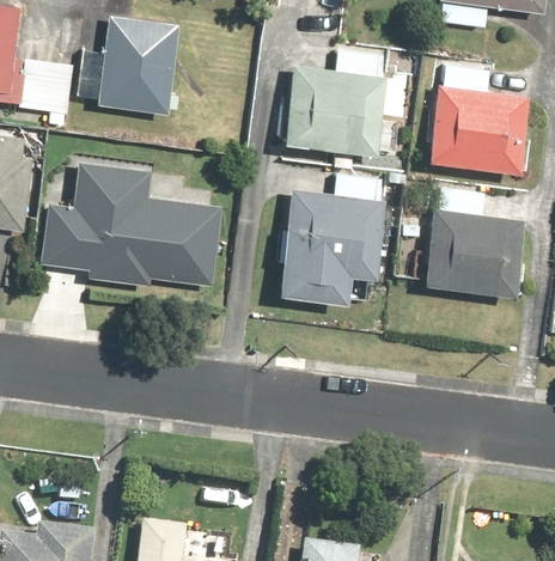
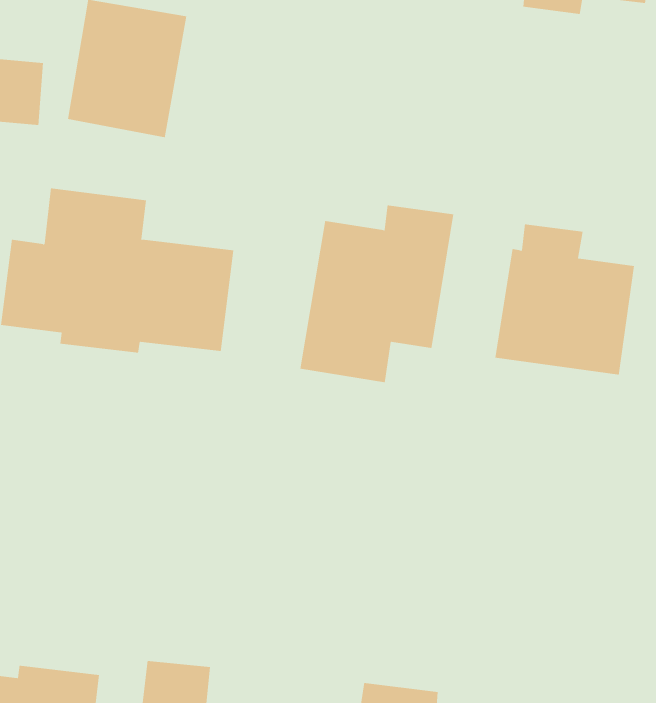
building: [279,49,388,154] -> none
building: [423,62,532,179] -> none

